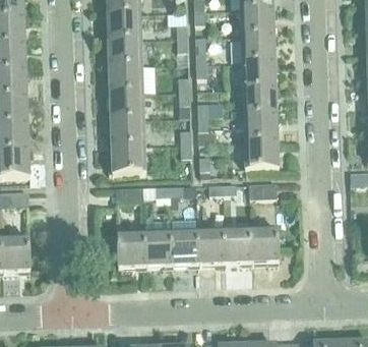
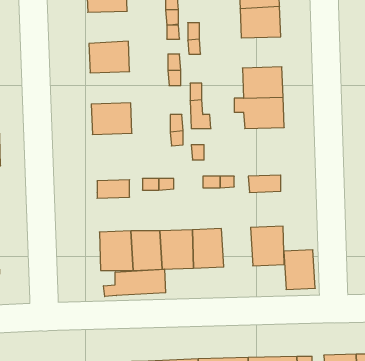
building: [108,39,143,67] -> none
building: [242,61,278,89] -> none
building: [110,92,145,120] -> none
building: [245,140,281,169] -> none
building: [112,146,147,173] -> none
building: [225,228,252,263] -> [284,250,315,289]
building: none -> [104,269,166,297]

